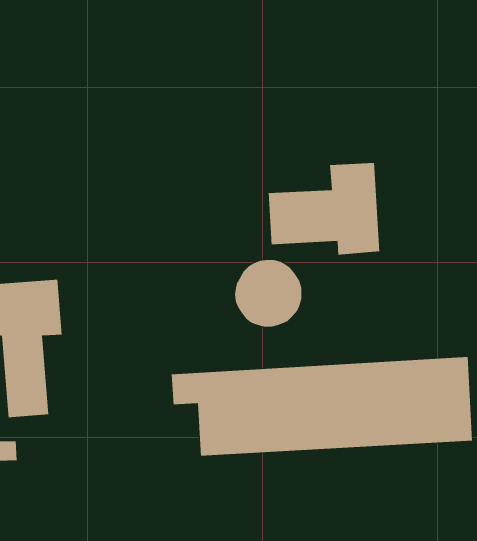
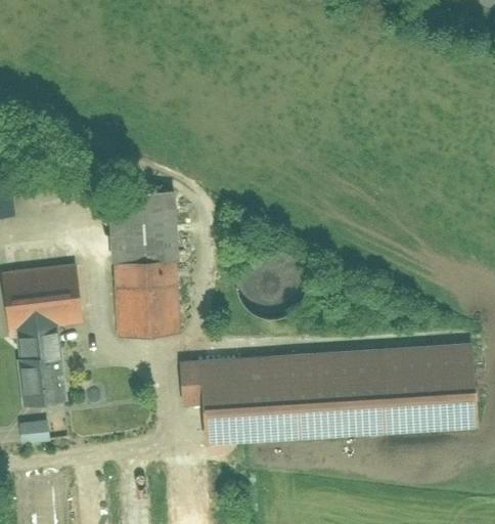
building: [268,162,380,255] -> none
building: none -> [107,191,179,336]

